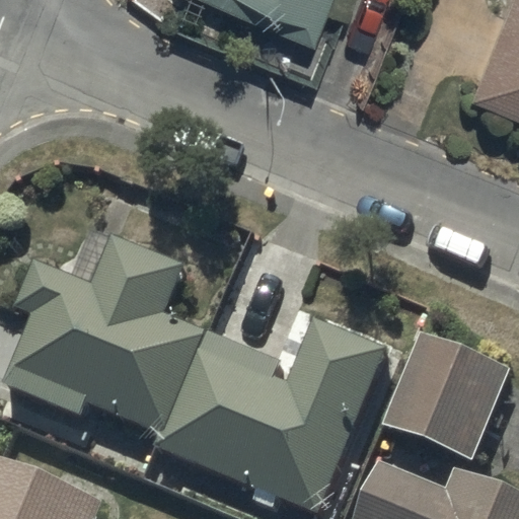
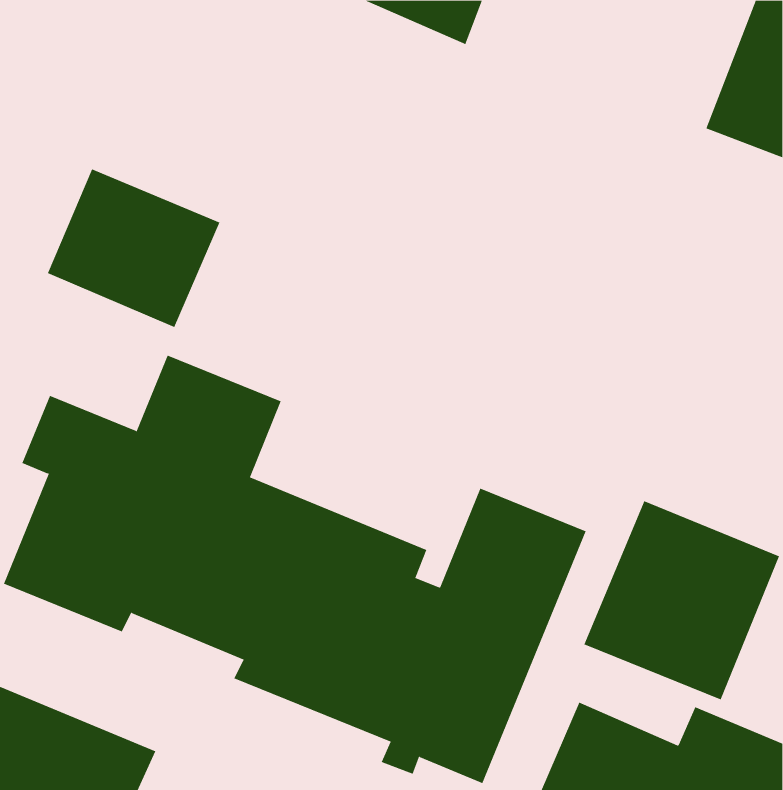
building: none -> [47,168,220,328]

